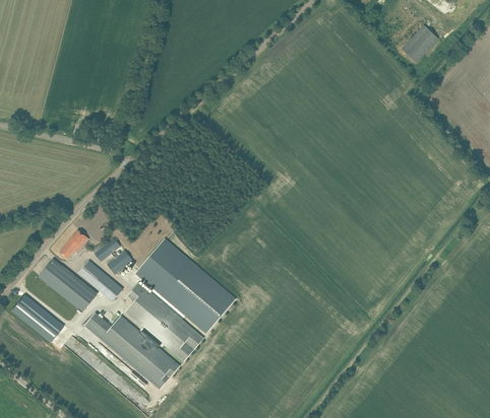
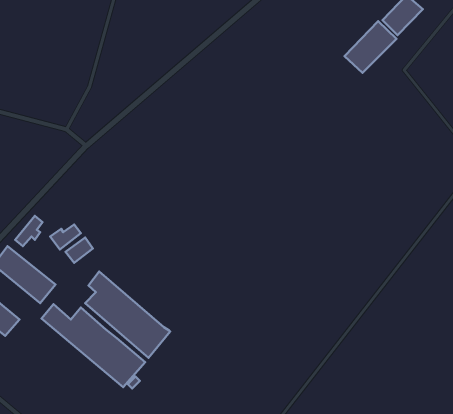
building: none -> [345,21,396,73]
building: [135,238,235,333] -> none
building: [77,260,122,300] -> none

